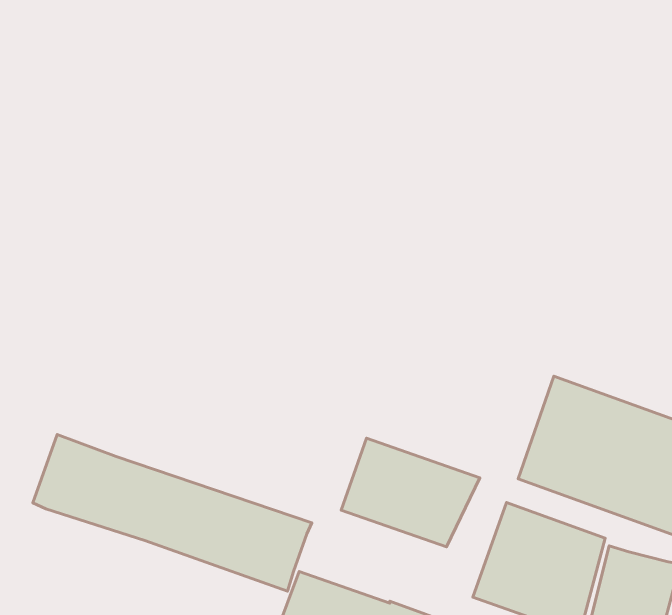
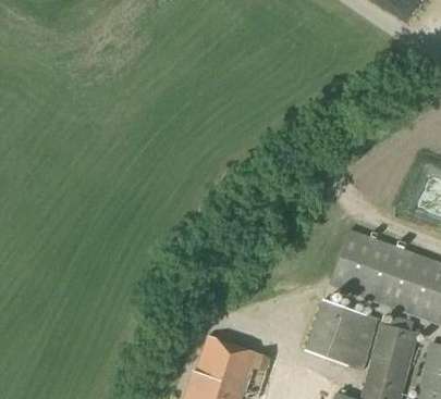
building: [33,434,312,591] -> none
building: [341,438,480,547] -> none

